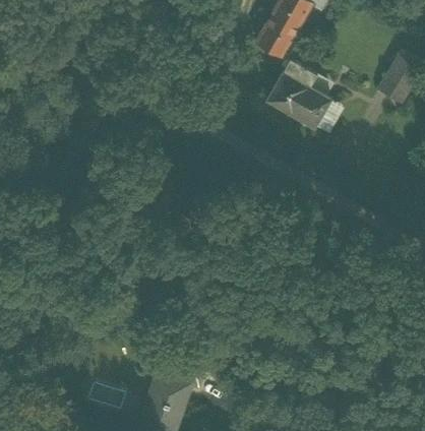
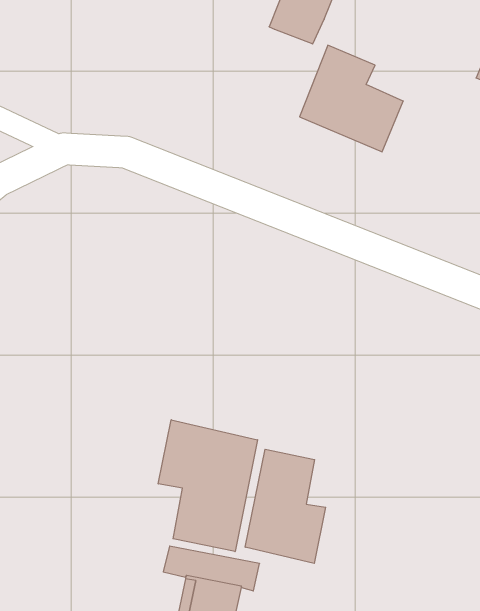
building: none -> [158,420,258,552]
building: none -> [245,449,326,563]

